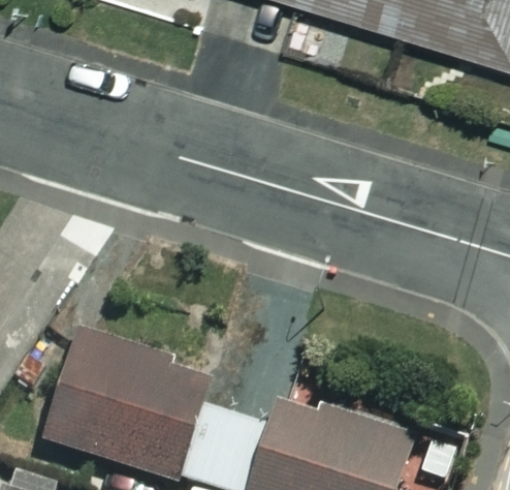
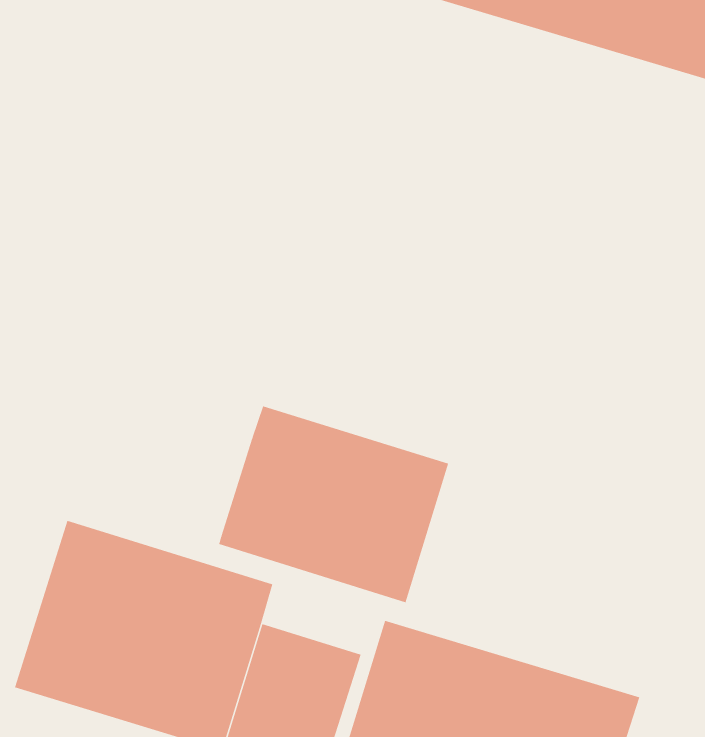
building: none -> [219,405,449,603]

